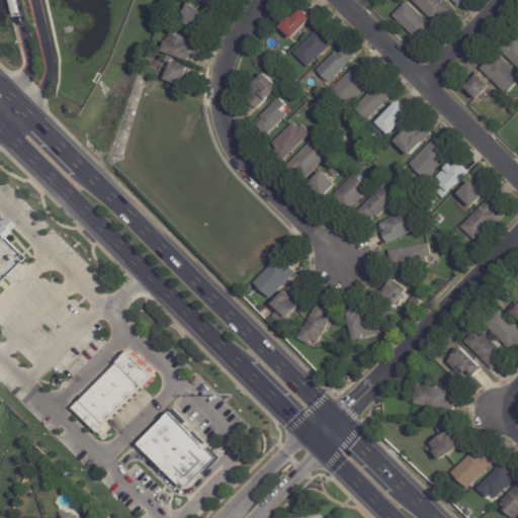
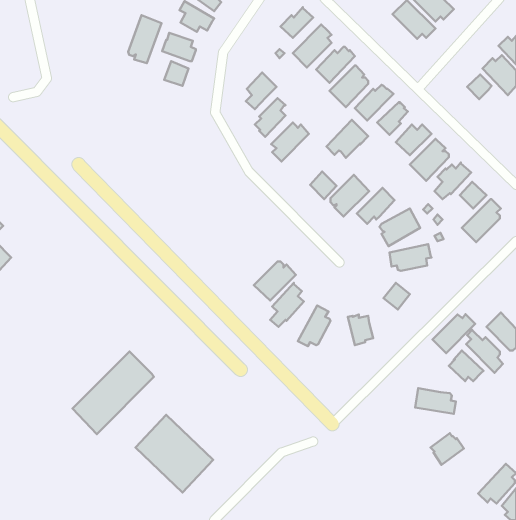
building: none -> [128,15,161,63]
building: [283,139,325,176] -> [326,120,368,158]
building: none -> [432,314,475,353]
building: [449,449,492,489] -> none

